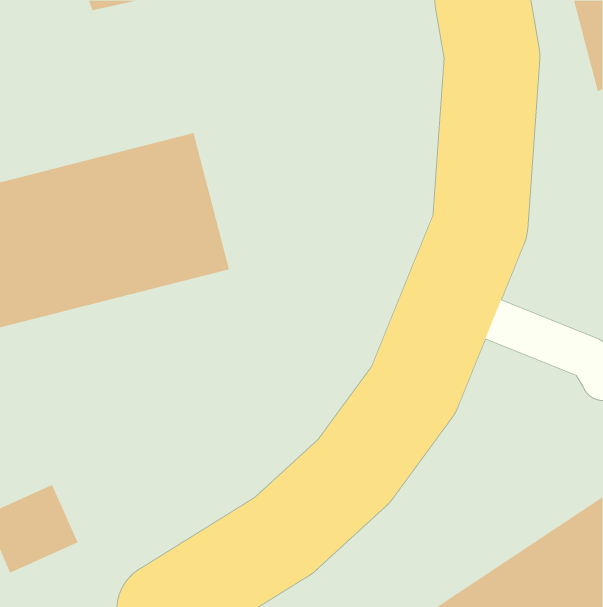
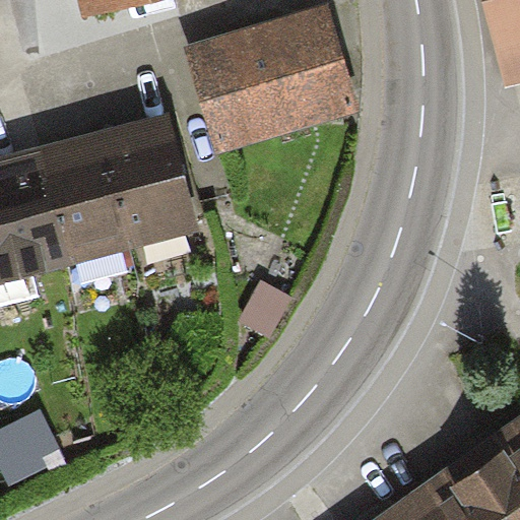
building: none -> [189,9,356,143]

